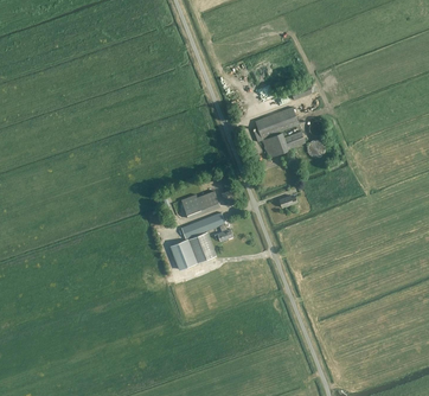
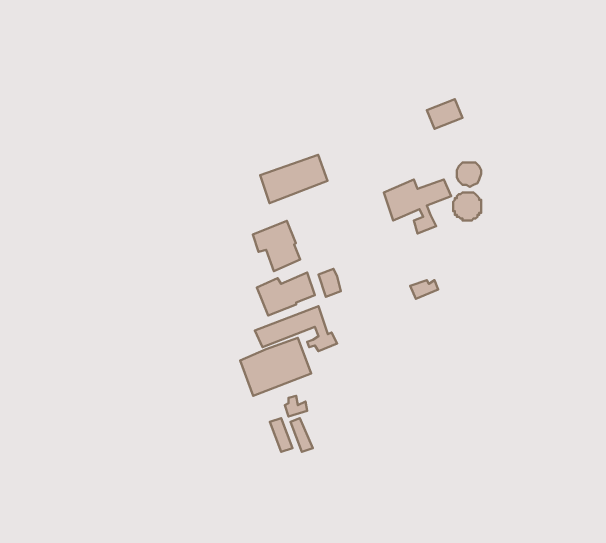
building: [254,107,296,138] -> [260,155,328,203]
building: none -> [253,221,300,271]

